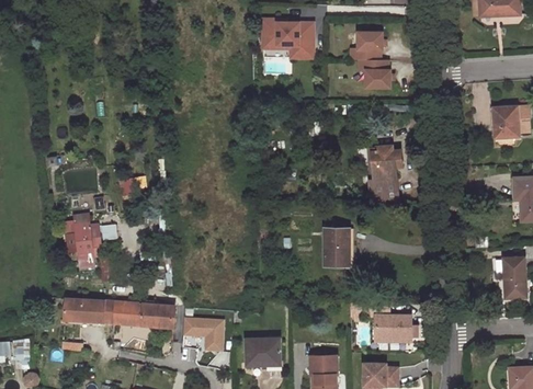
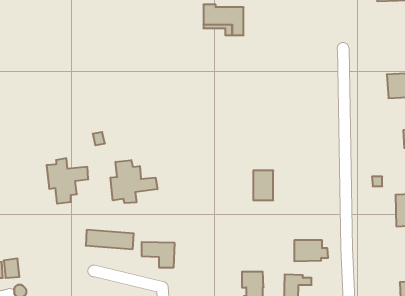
building: [350,33,389,88] -> none
building: [368,146,401,201] -> none
building: none -> [110,160,157,203]
building: [63,298,114,322] -> none
building: [246,339,280,365] -> none

